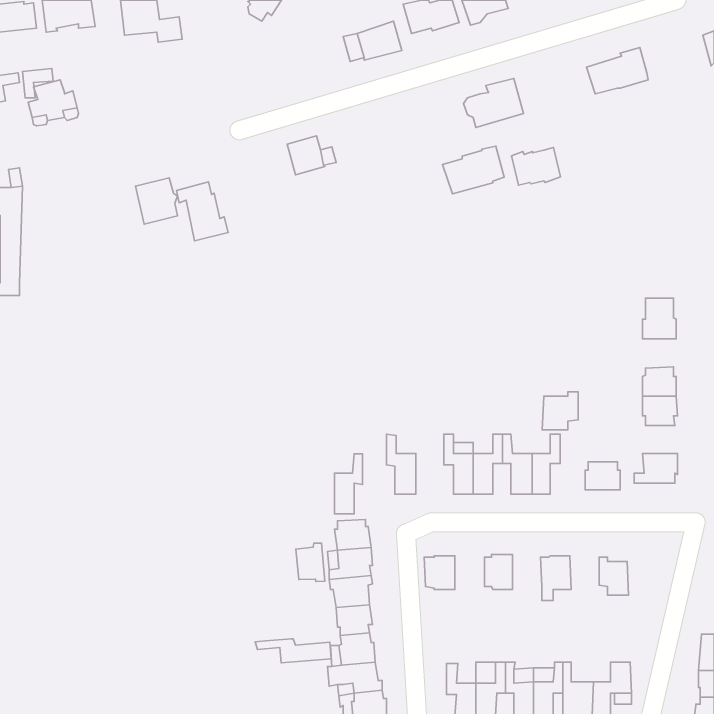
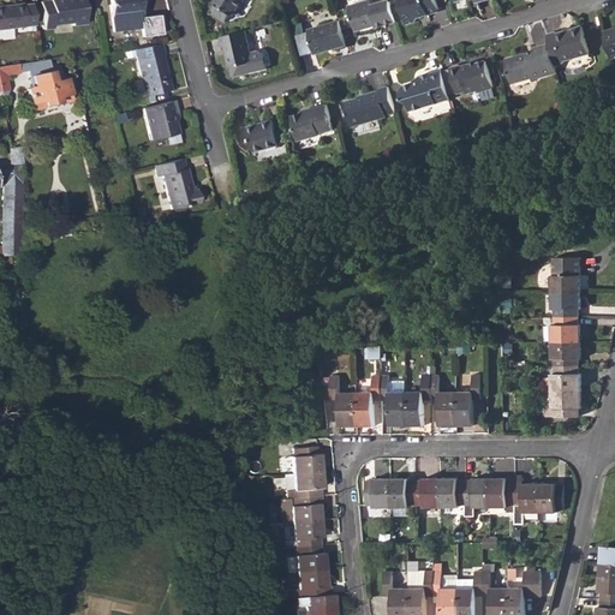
building: none -> [545,24,589,64]
building: none -> [221,31,265,68]
building: none -> [131,42,168,96]
building: none -> [289,103,332,139]
building: [443,146,504,194] -> [342,85,395,126]
building: [512,147,561,185] -> [449,60,491,92]
building: [136,178,178,224] -> [139,100,175,139]
building: none -> [551,292,581,317]
building: [542,392,578,430] -> none
building: [334,454,362,514] -> [357,374,381,425]
building: [585,462,620,490] -> [551,366,581,390]
building: [296,543,325,582] -> none
building: none -> [390,477,416,507]
building: none -> [440,477,465,507]
building: none -> [489,478,514,507]
building: none -> [538,483,563,512]
building: [255,639,331,663] -> none

